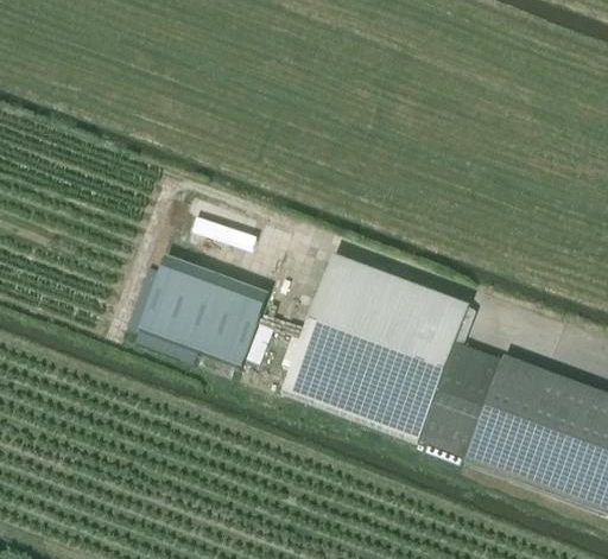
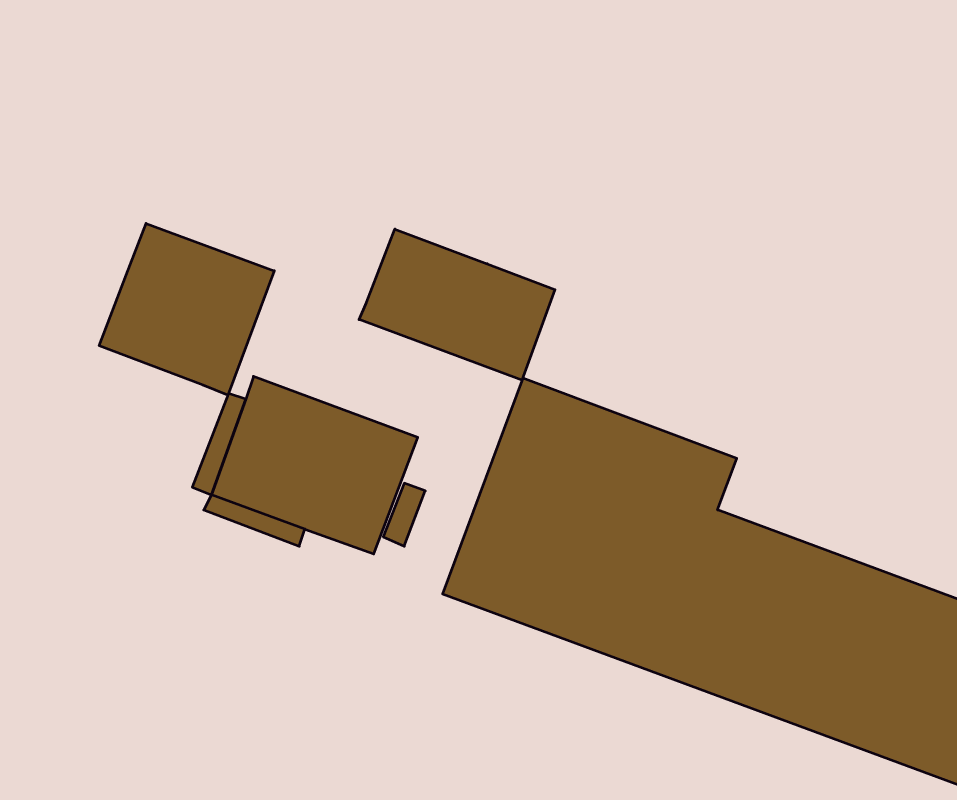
building: none -> [99,223,274,395]
building: none -> [359,229,555,380]

